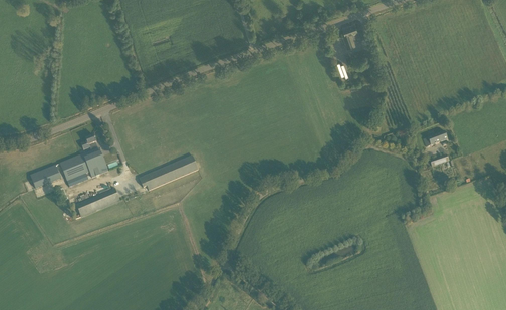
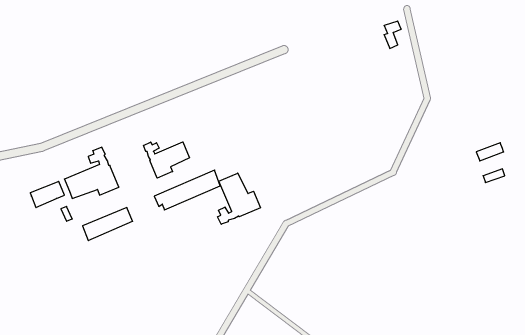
building: none -> [144,142,190,178]
building: none -> [218,173,261,224]

